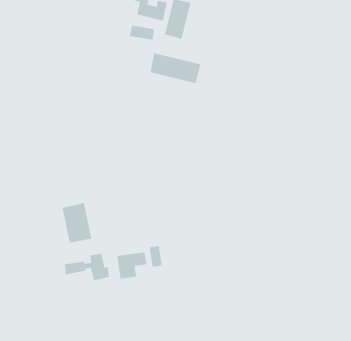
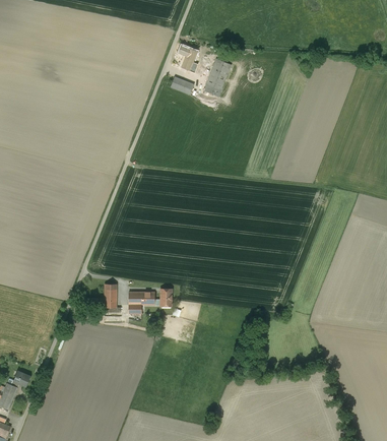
building: [150,52,201,84] -> none
building: [62,202,92,243] -> none

